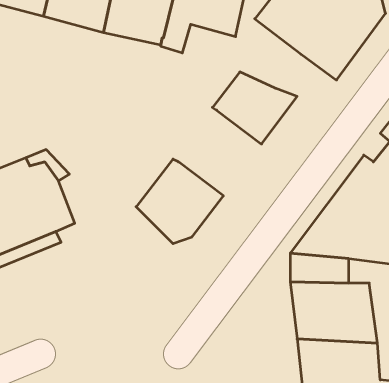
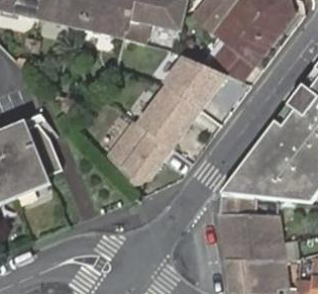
building: none -> [209,44,254,83]
building: none -> [137,86,199,150]

